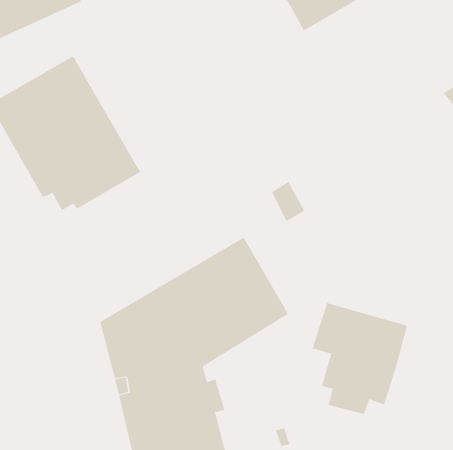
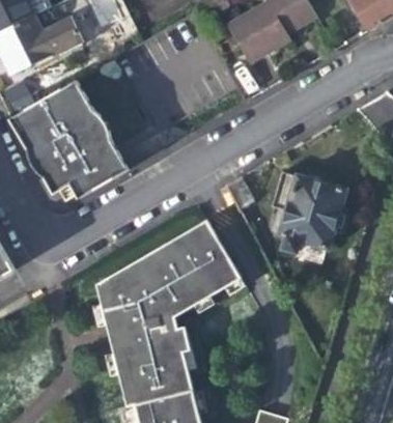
building: [312,302,408,415] -> [271,172,344,258]

